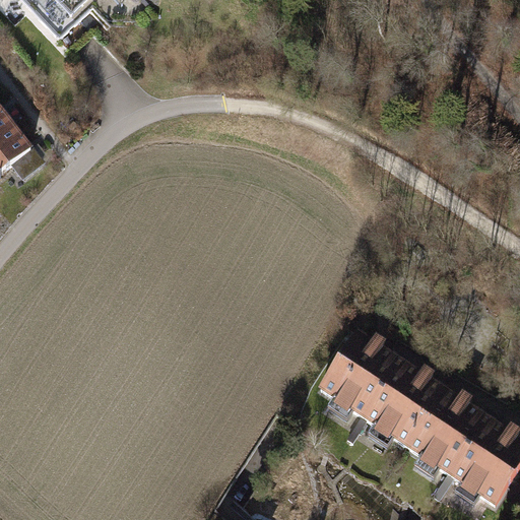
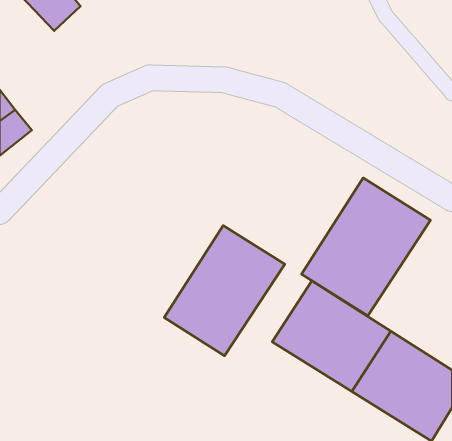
building: none -> [301,178,431,316]
building: none -> [164,225,285,356]

